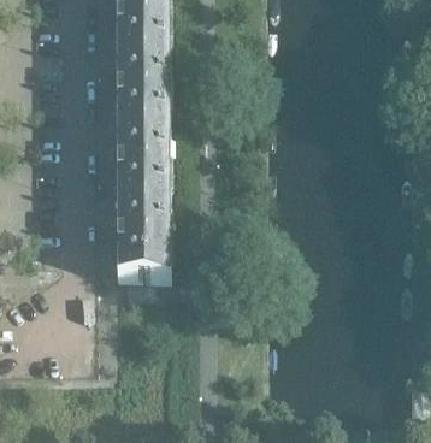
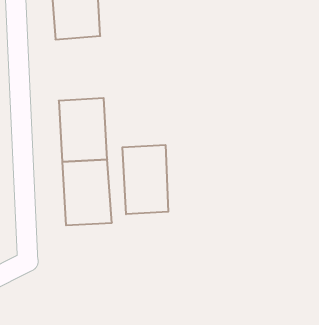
building: [116,65,169,138] -> none
building: none -> [122,145,168,214]

